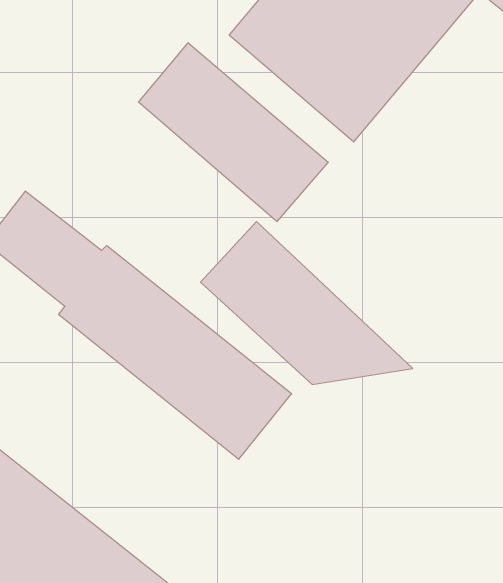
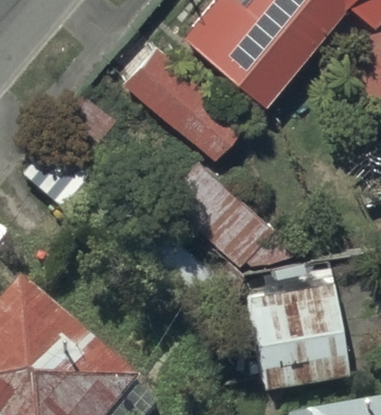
building: none -> [250,280,350,390]

